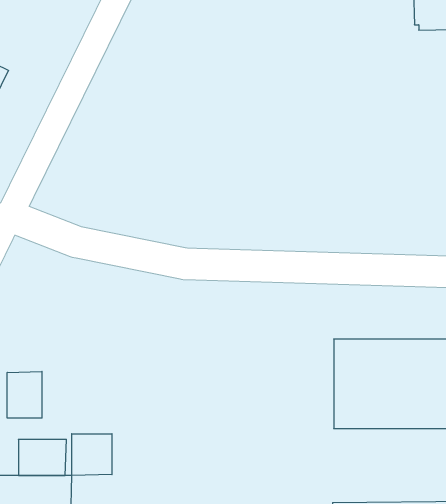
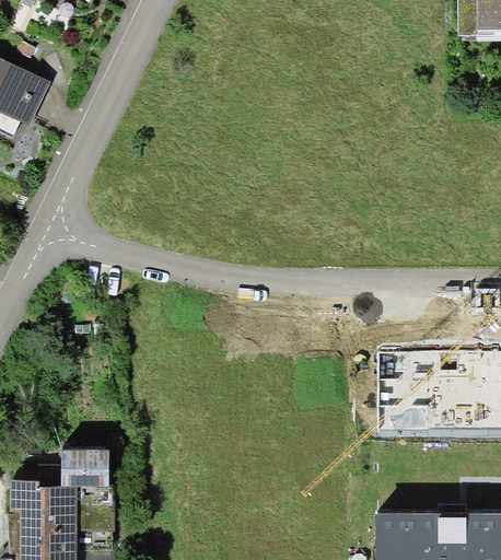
building: [7,371,42,418] -> none
building: [72,434,112,475] -> none

